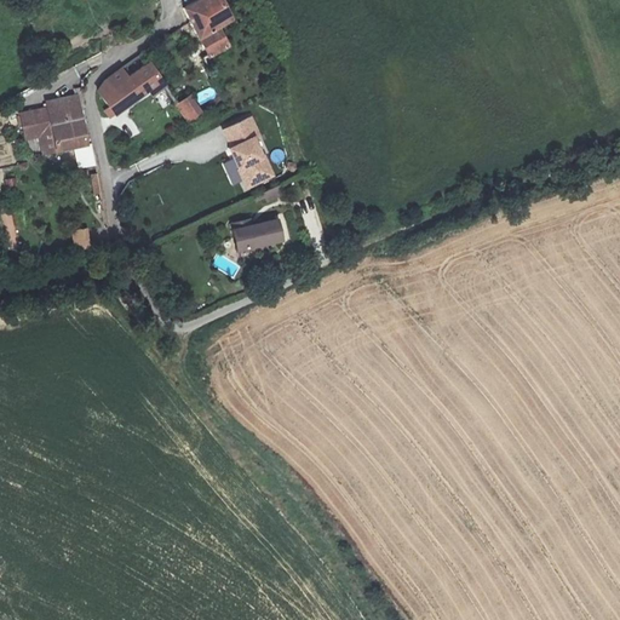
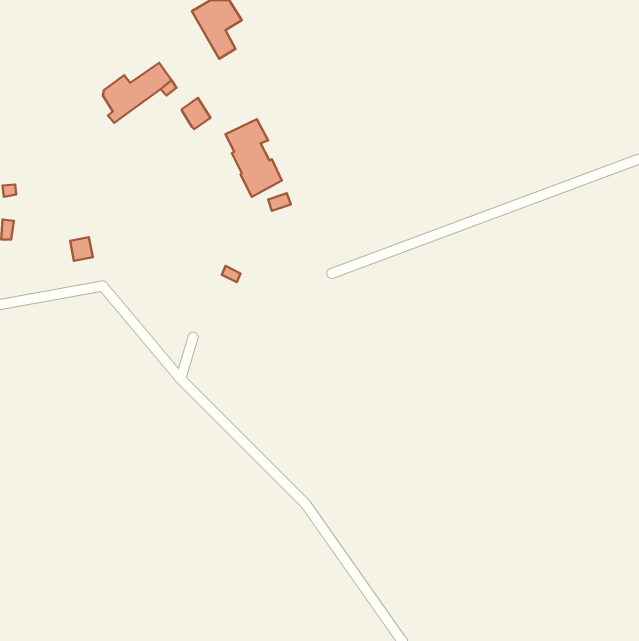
building: [22,94,87,151] -> none
building: [232,219,282,249] -> none

